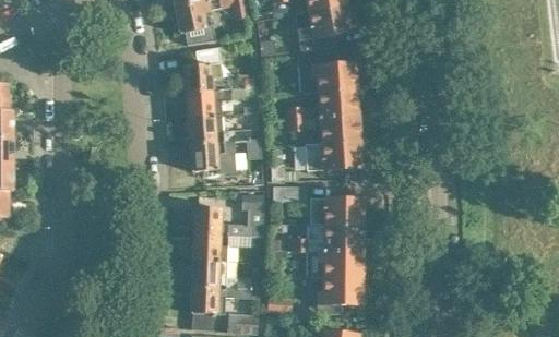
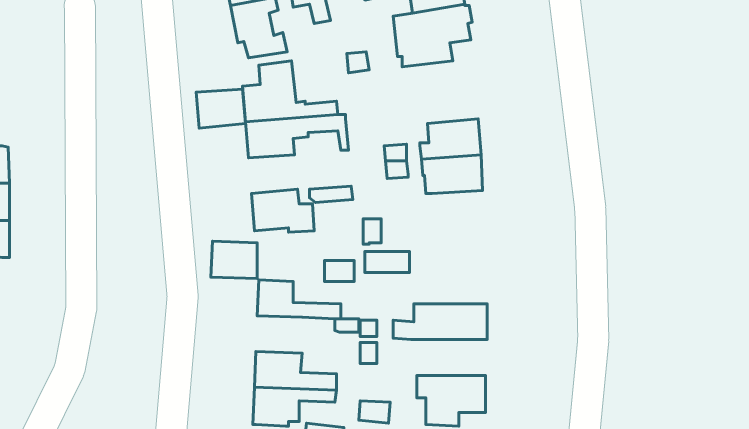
building: [298,51,356,94] -> none
building: [188,116,224,144] -> [196,89,246,128]
building: [306,142,361,171] -> none
building: [309,197,362,225] -> none
building: [193,233,227,261] -> [211,241,257,279]
building: [307,251,362,277] -> none

